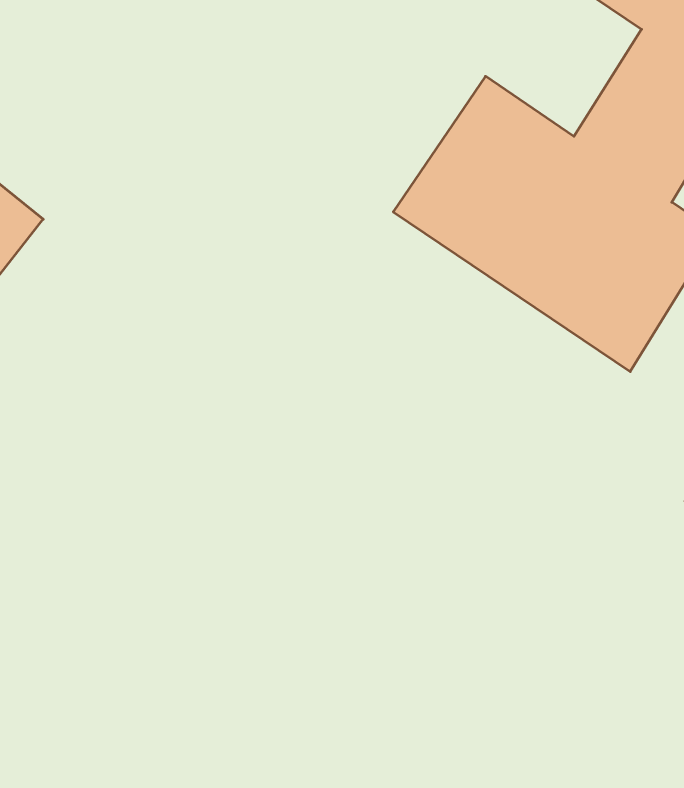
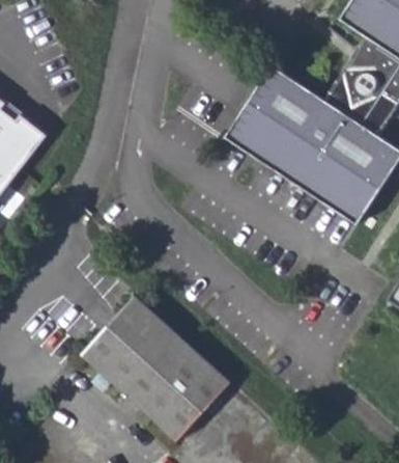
building: none -> [87,290,233,436]

